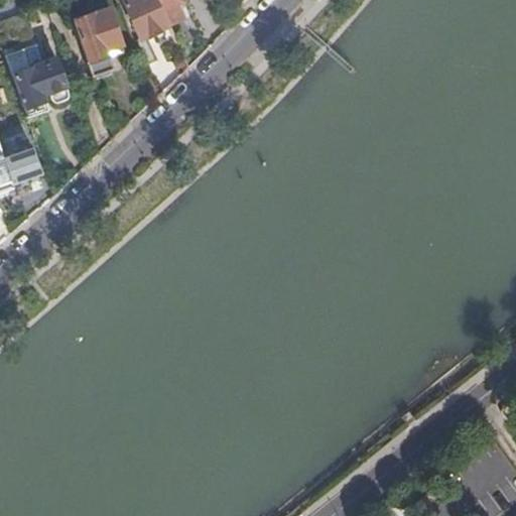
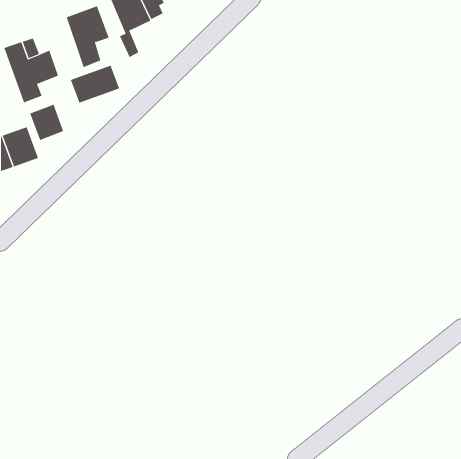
building: none -> [70,65,120,103]
building: none -> [29,104,64,141]

